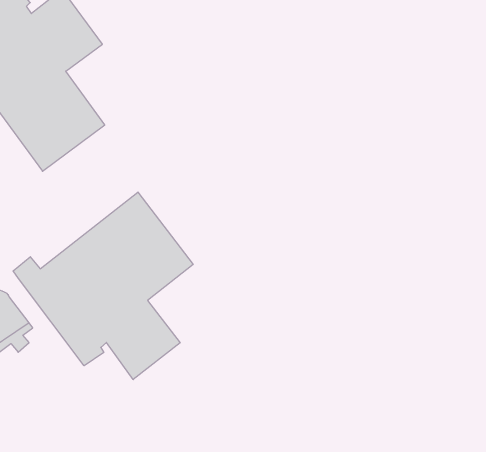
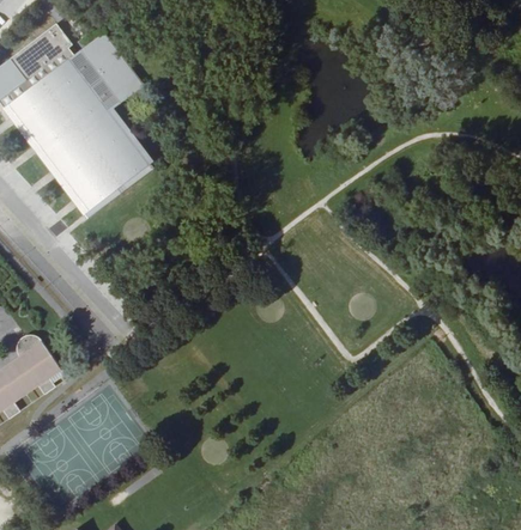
building: [13,192,193,380] -> none

